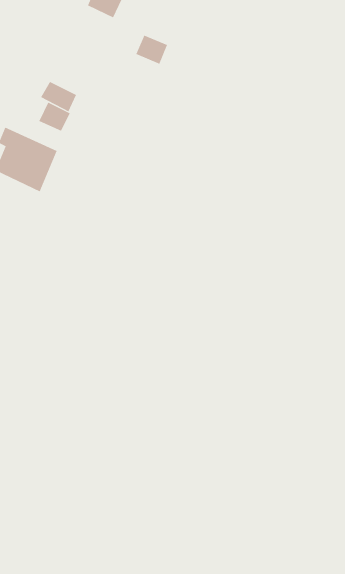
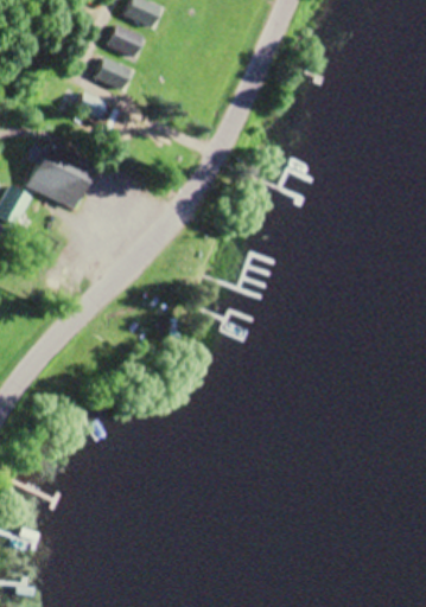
building: [136,35,168,64] -> [108,26,141,57]
building: [39,102,71,132] -> [96,58,129,89]

